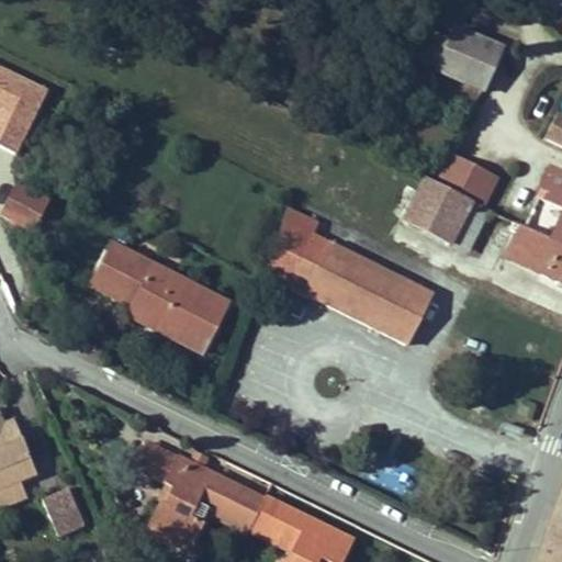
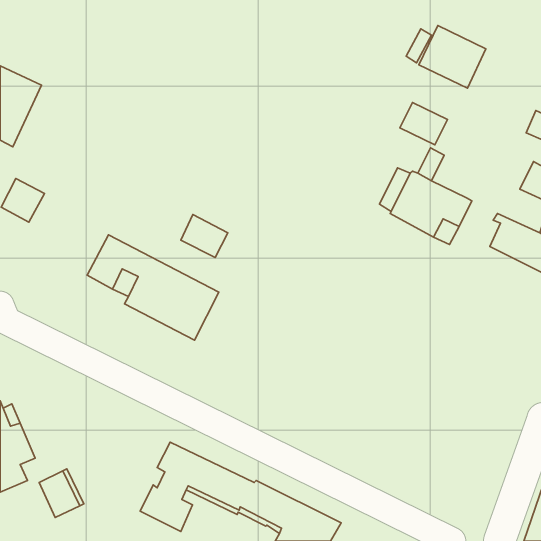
building: [448,160,497,204] -> [400,102,448,145]
building: [266,205,432,342] -> none
building: none -> [181,215,228,257]

